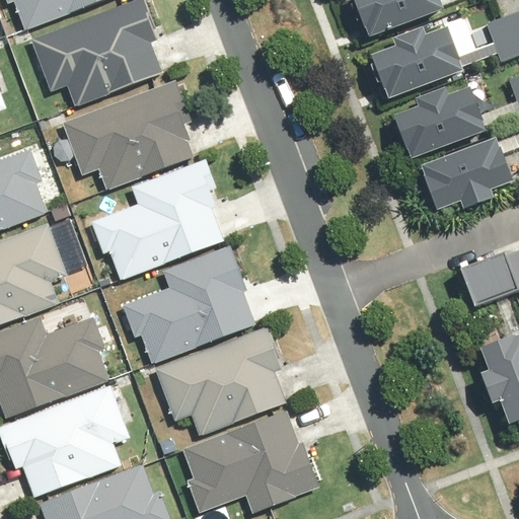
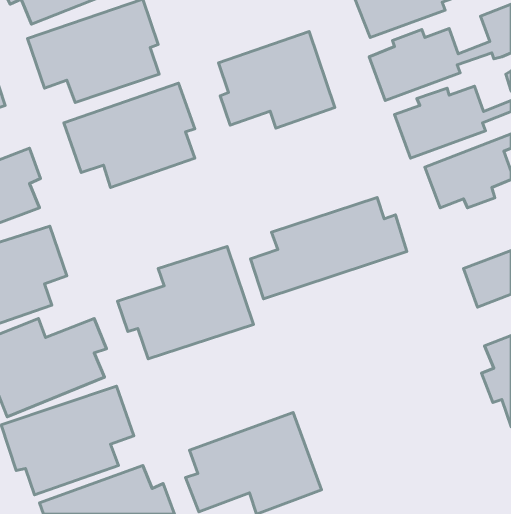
building: none -> [219,31,335,128]
building: [89,166,225,279] -> none
building: none -> [250,198,407,299]
building: [153,331,284,435] -> none

